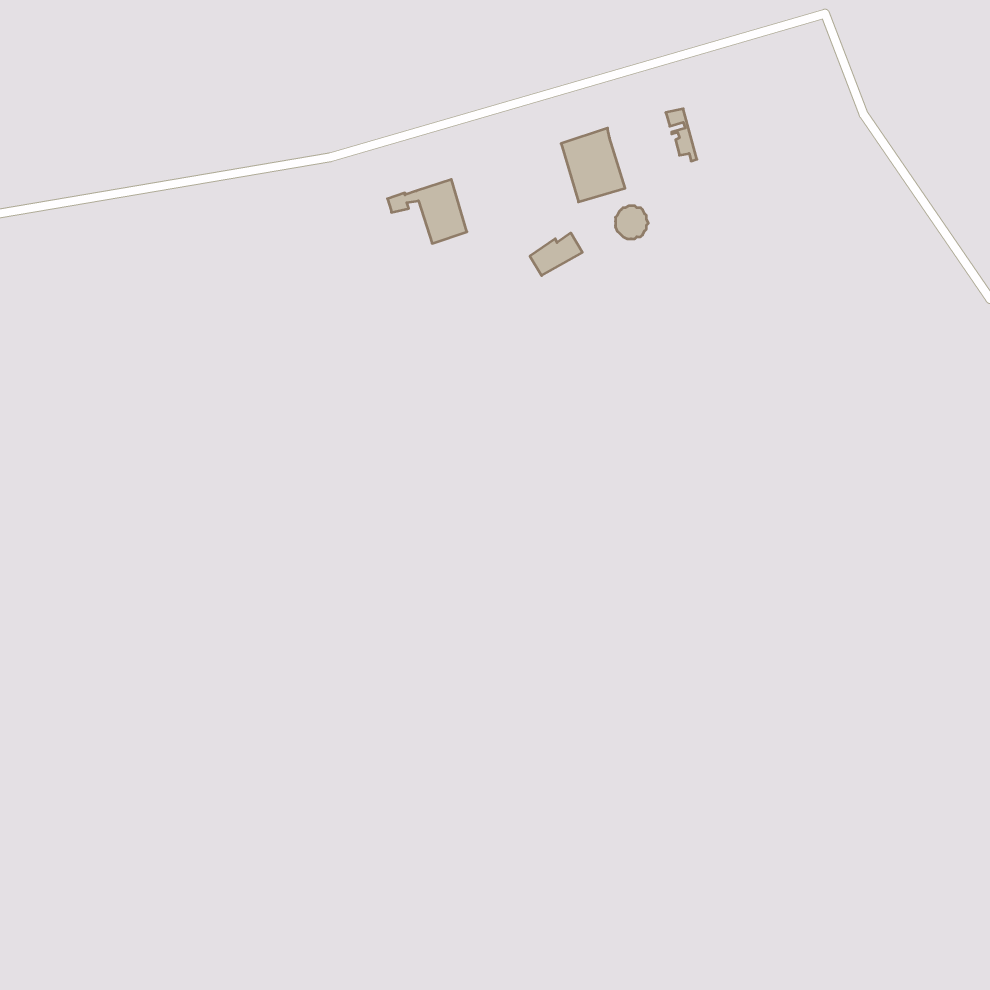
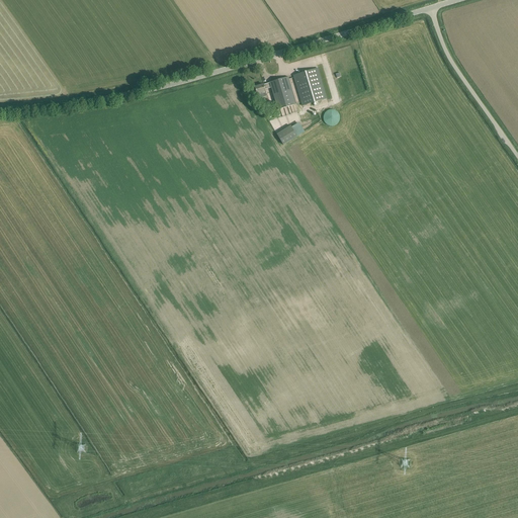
building: [387,179,467,243] -> [254,76,295,109]

